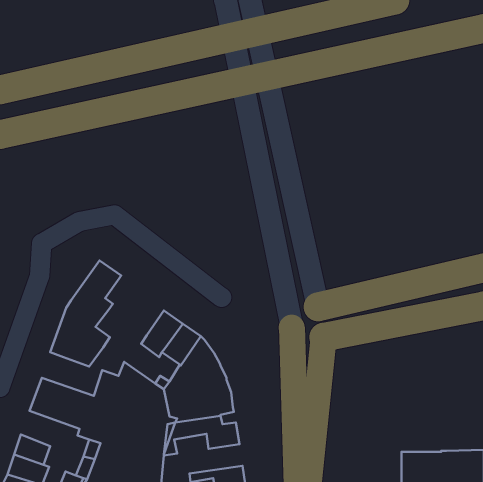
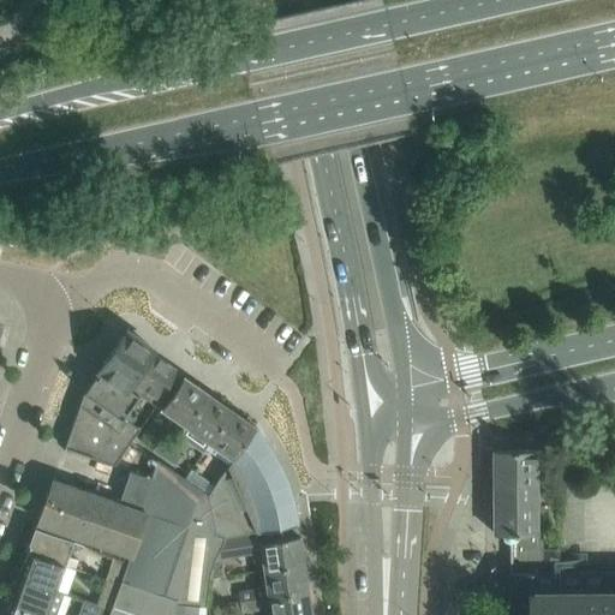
building: none -> [135,356,180,407]
building: none -> [163,378,209,428]
building: none -> [495,452,567,575]
building: none -> [28,529,74,568]
building: none -> [240,566,309,603]

